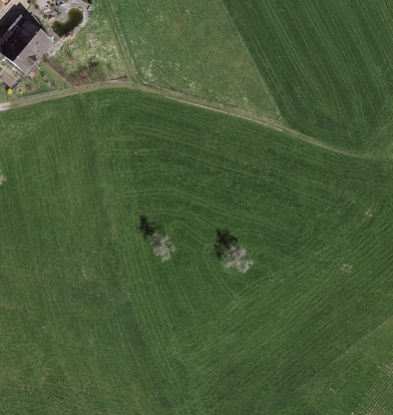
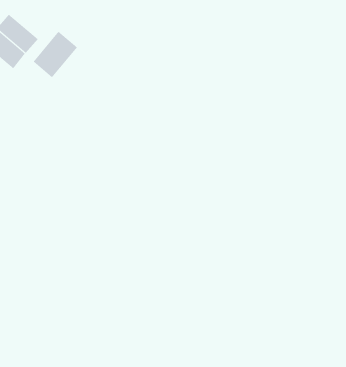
building: none -> [33,31,78,78]

